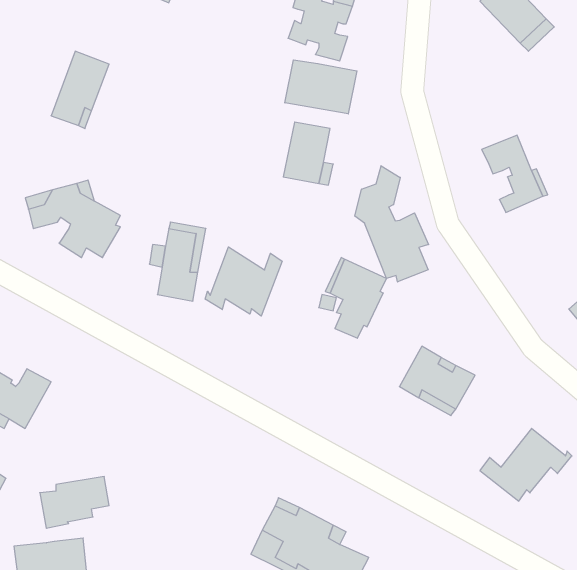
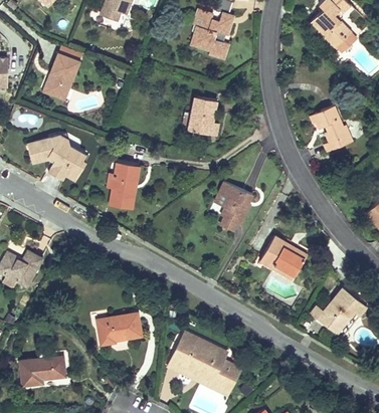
building: [285,60,357,114] -> none
building: [355,166,429,282] -> none
building: [205,247,282,316] -> none
building: [40,477,109,528] -> [98,313,141,345]

